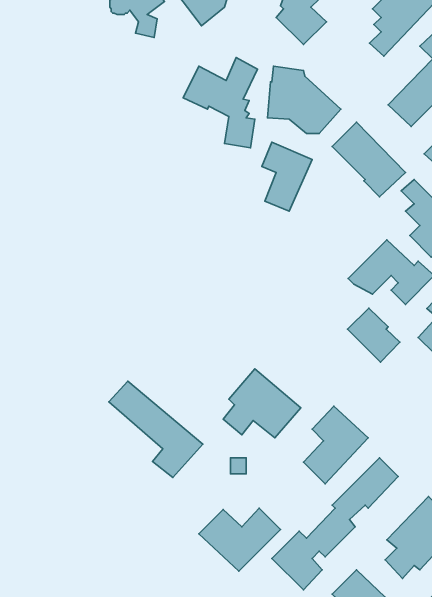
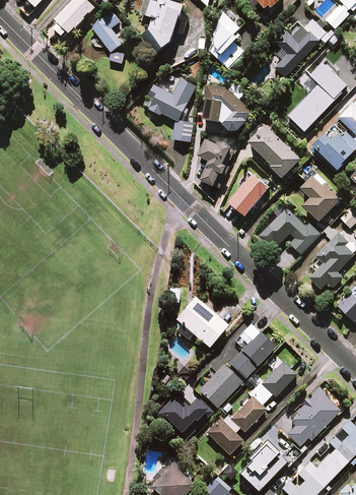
building: none -> [229,173,270,215]
building: [347,308,400,362] -> none
building: [109,381,203,478] -> none
building: none -> [198,365,241,409]

